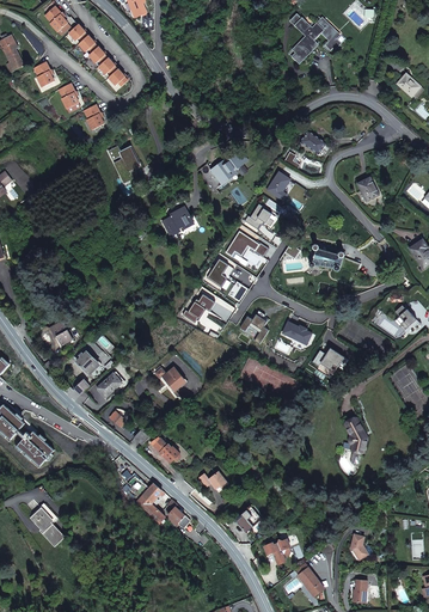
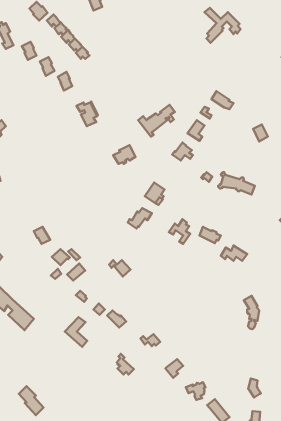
building: [225,232,268,258] -> none
building: [134,484,165,526] -> [65,317,87,347]
building: [30,507,65,547] -> [19,386,44,415]

